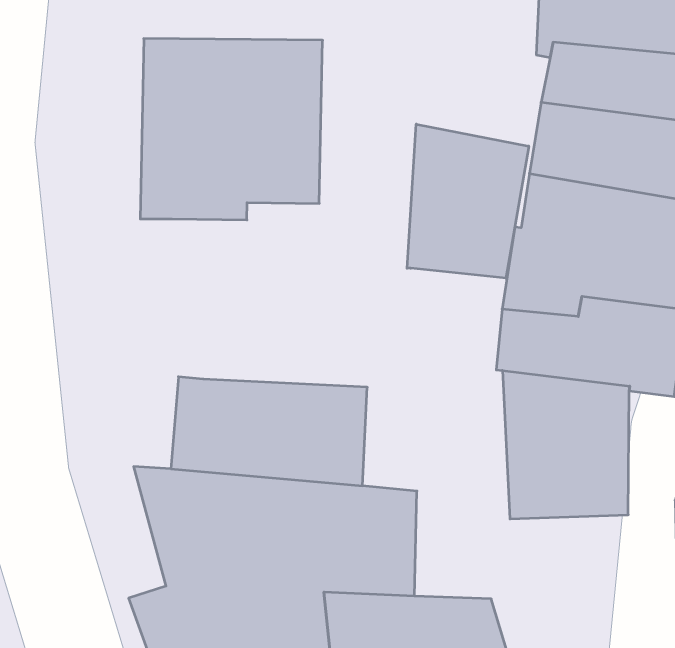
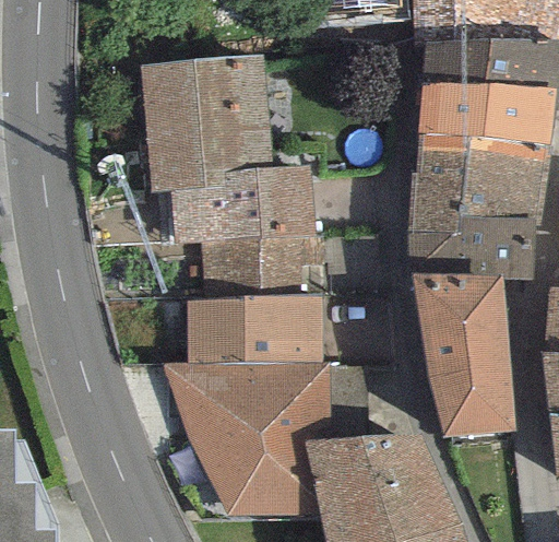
building: [407,124,529,278] -> none
building: none -> [173,168,320,299]
building: none -> [428,365,516,436]

